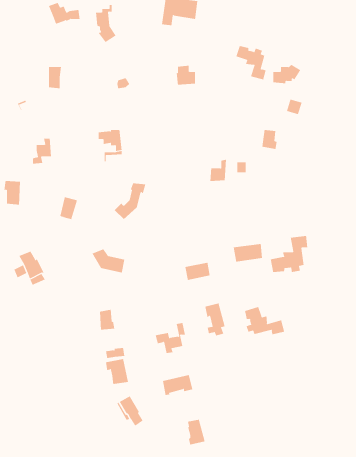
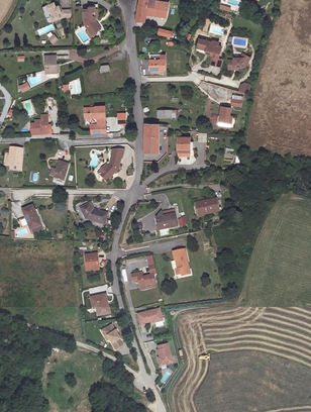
building: none -> [142,122,167,152]
building: [270,235,308,273] -> none
building: [245,306,285,335] -> none

